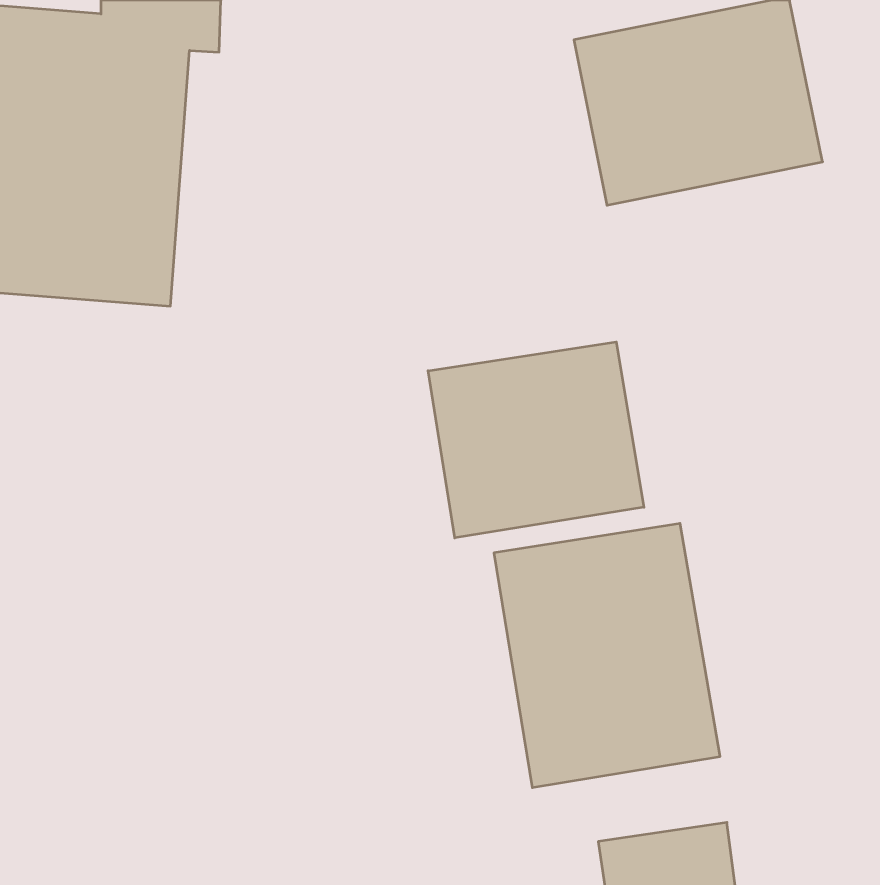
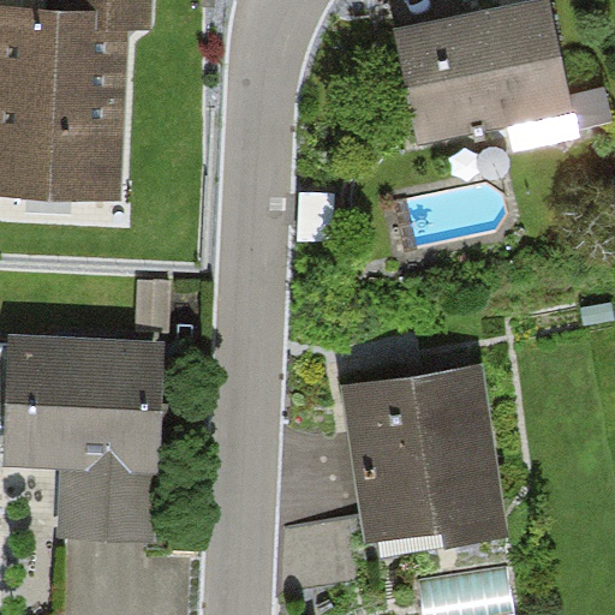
building: [428,342,644,538] -> none
building: none -> [5,329,156,536]

